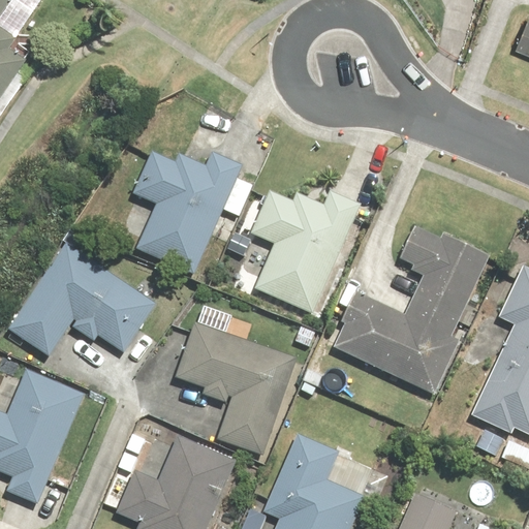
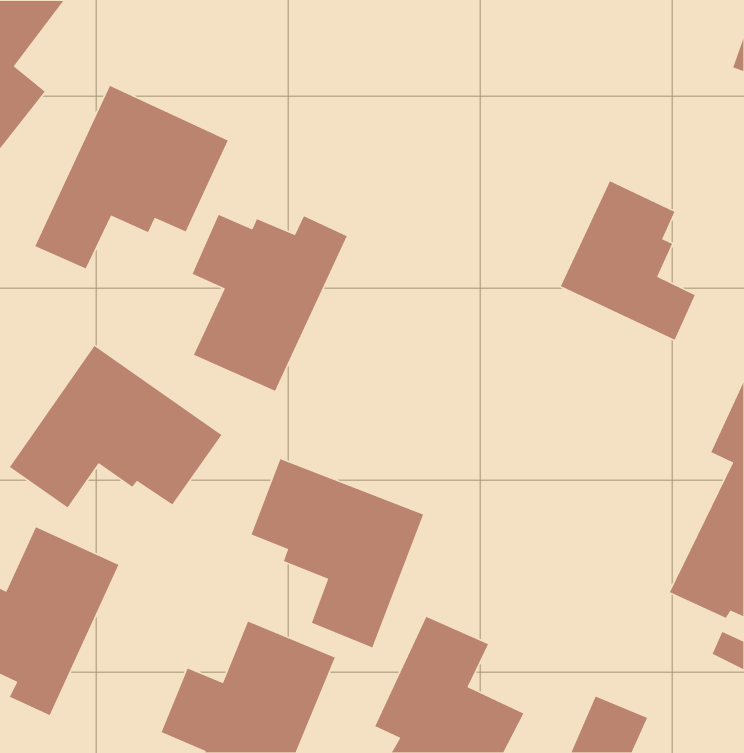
building: none -> [34,85,229,269]
building: none -> [560,180,696,341]
building: [251,189,361,315] -> none
building: [334,225,490,395] -> none

